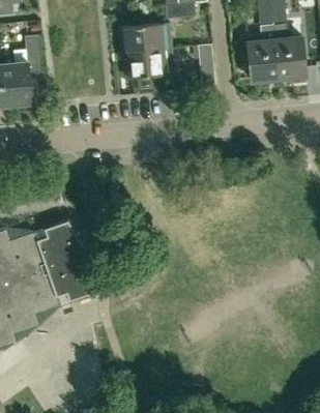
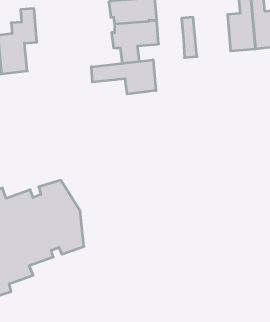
building: none -> [91,60,156,94]

